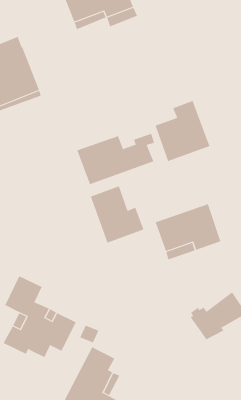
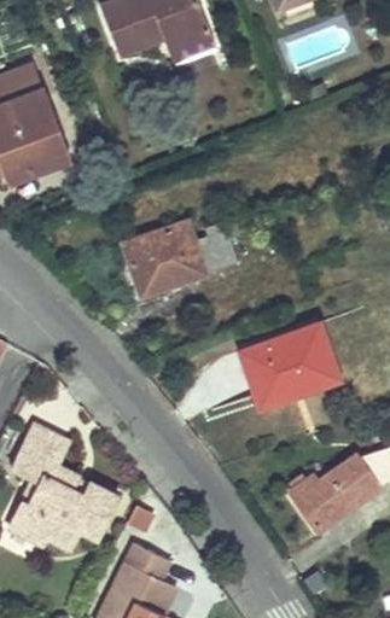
building: [155,100,210,162] -> none
building: [90,186,144,243] -> none

